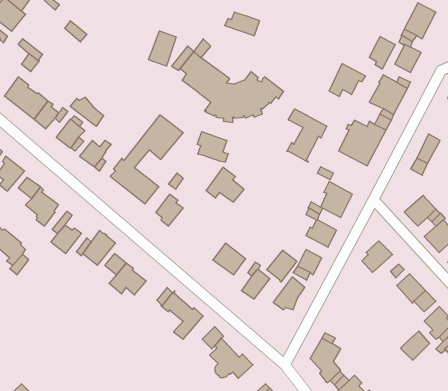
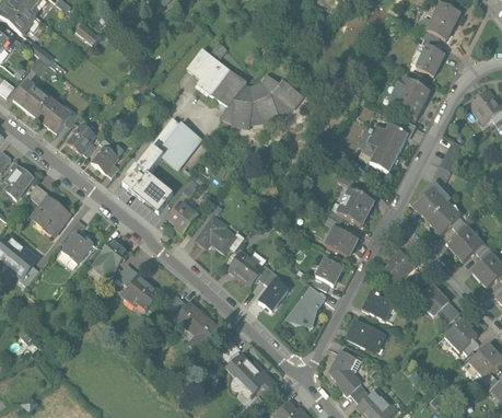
building: [225,12,260,36] -> none
building: [149,31,176,66] -> none
building: [369,36,395,69] -> none
building: [329,64,366,97] -> none
building: [70,97,104,126] -> none
building: [287,109,327,162] -> none
building: [197,132,228,162] -> none
building: [206,167,244,202] -> [196,216,235,252]
building: none -> [416,183,447,220]
building: [267,250,297,282] -> none
building: none -> [362,291,393,320]
building: none -> [348,322,384,351]
building: [401,331,430,360] -> none

